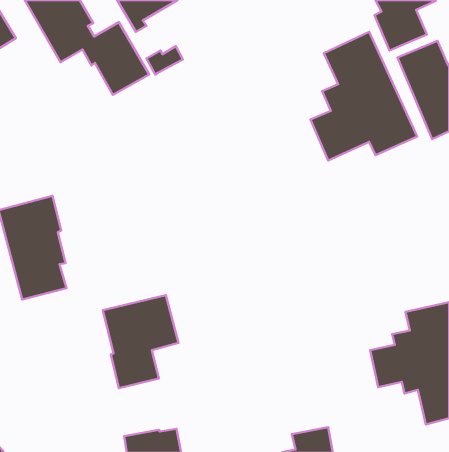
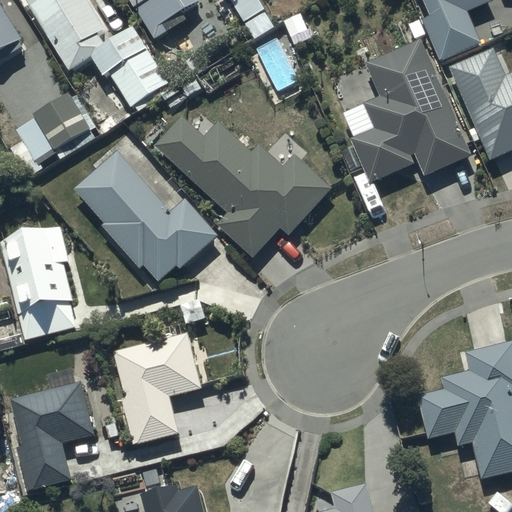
building: none -> [7,90,91,176]
building: none -> [154,112,329,257]
building: none -> [72,150,217,279]
building: none -> [5,382,93,489]

